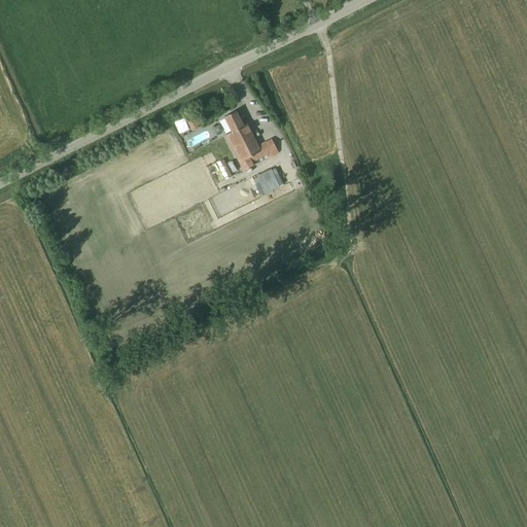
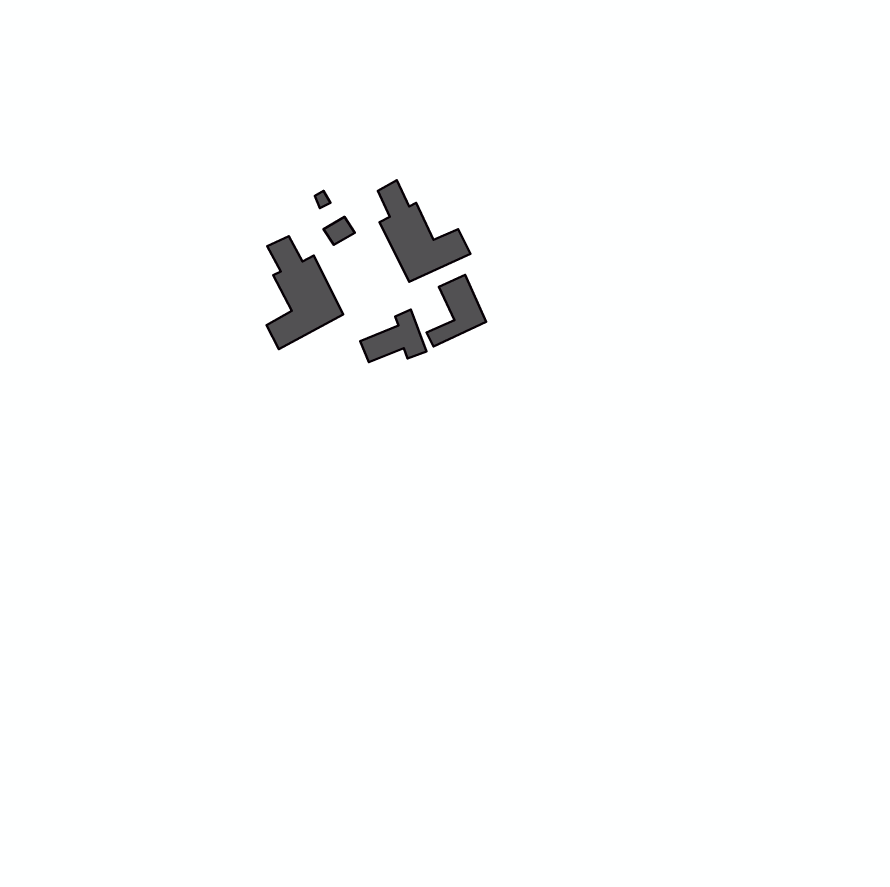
building: none -> [267,236,343,349]

